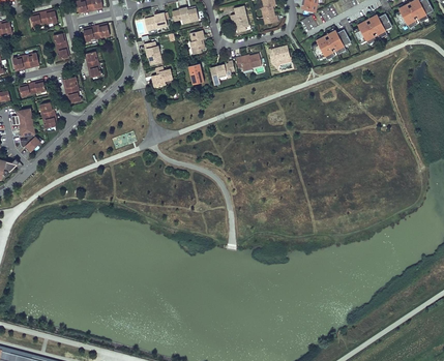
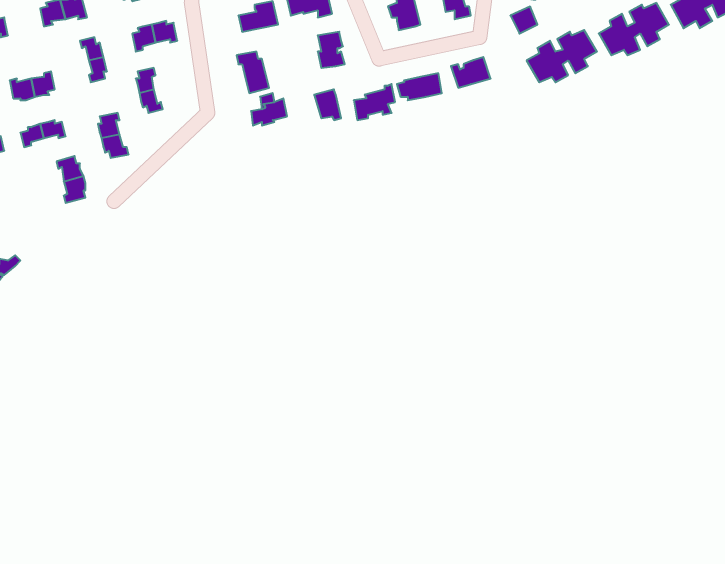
building: [12,109,41,151] -> none

